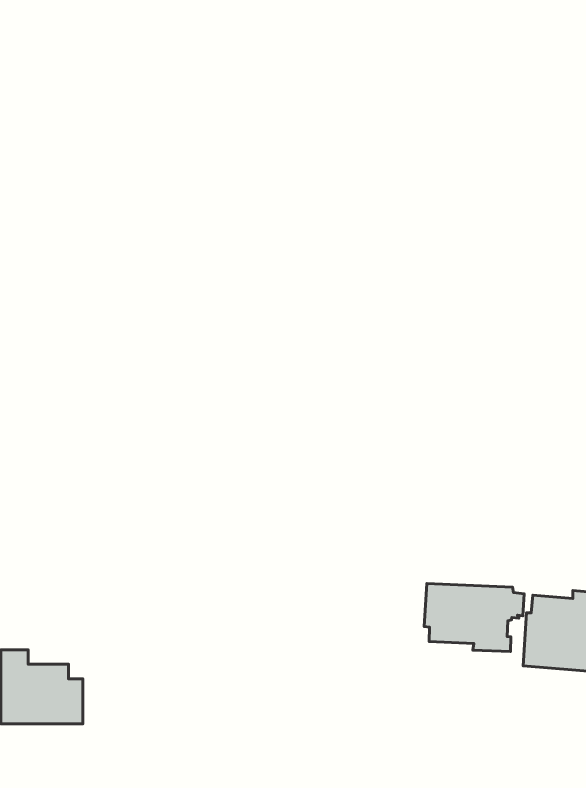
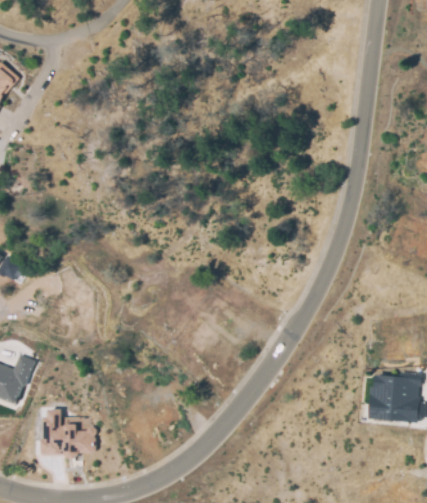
building: [424,583,524,651] -> none

